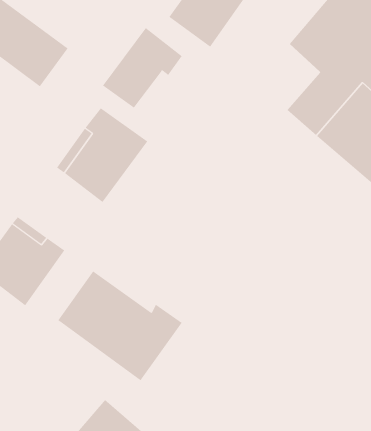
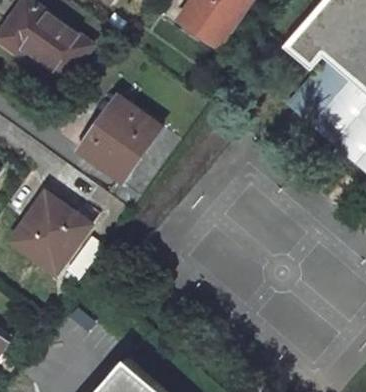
building: [102,27,183,108] -> none
building: [58,270,183,381] -> none

